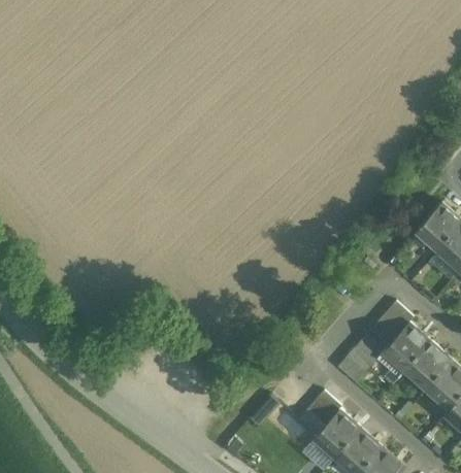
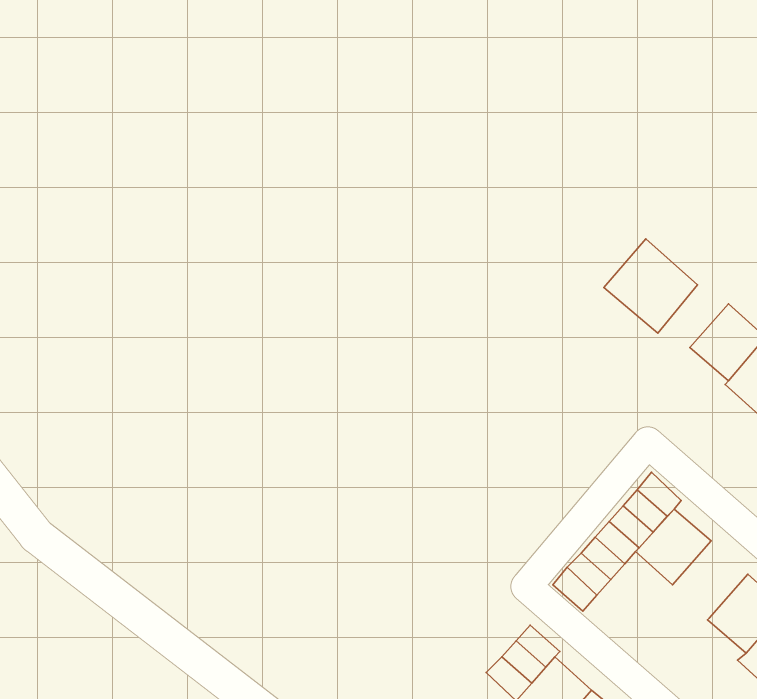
building: none -> [604,239,698,333]
building: [408,346,453,392] -> none

